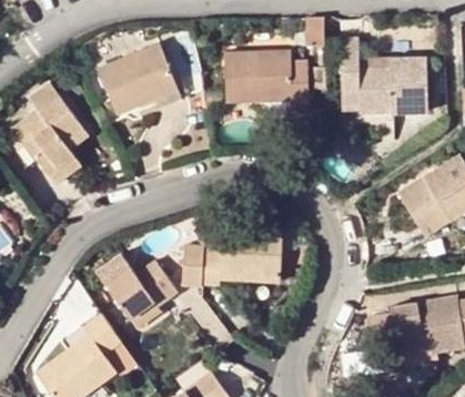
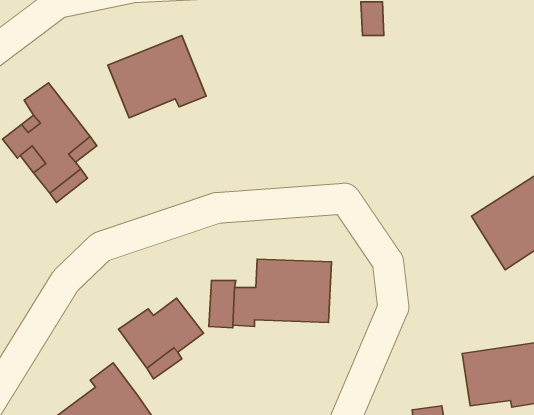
building: [338,37,425,112] -> none
building: [224,51,307,105] -> none

